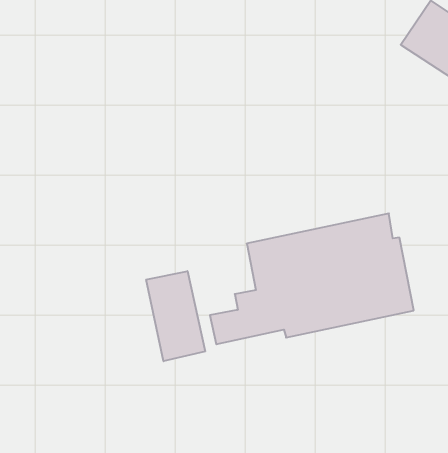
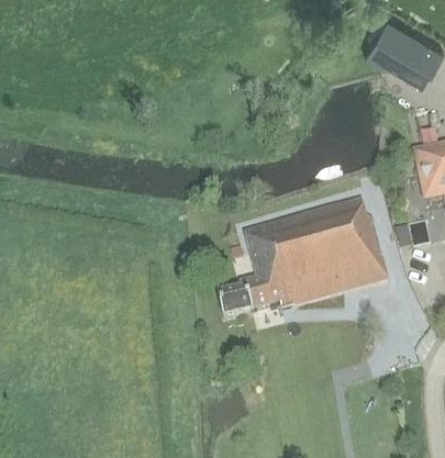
building: [146,271,205,361] -> none

